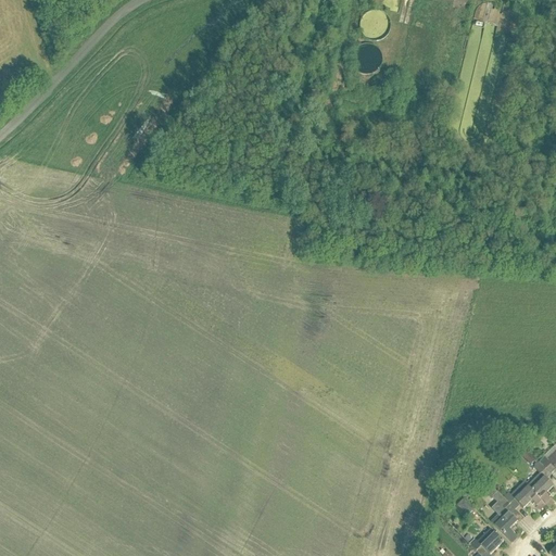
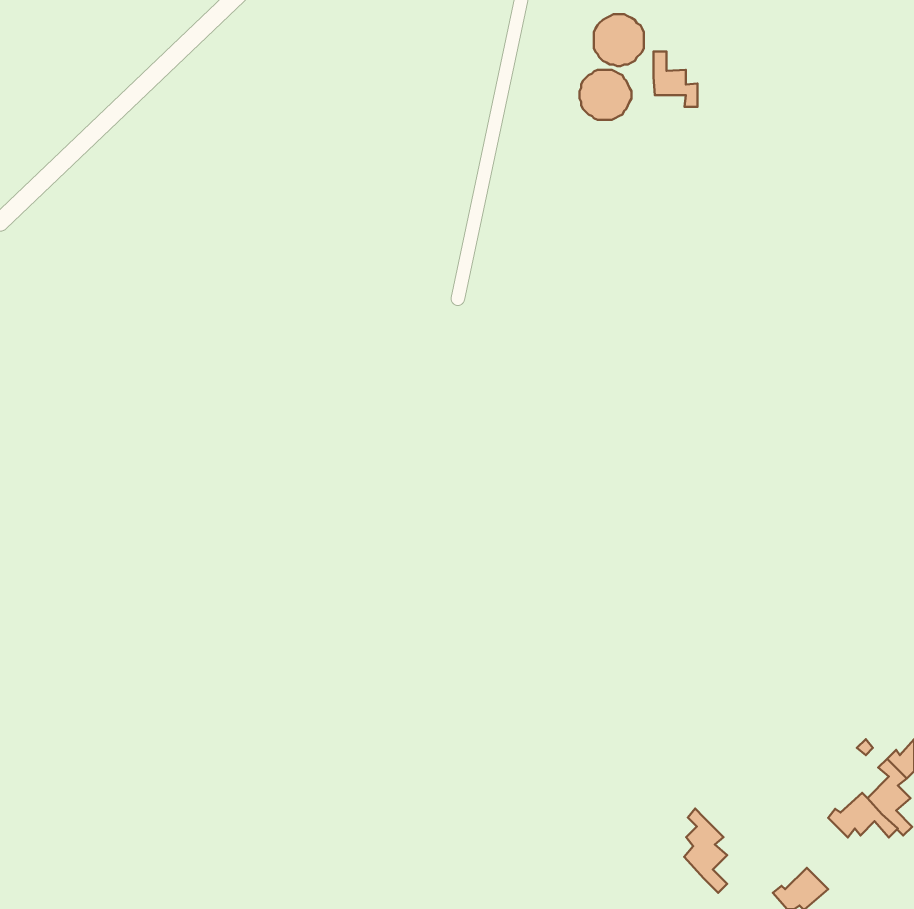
building: none -> [653,52,697,107]
building: [491,491,517,542] -> [684,809,727,893]

